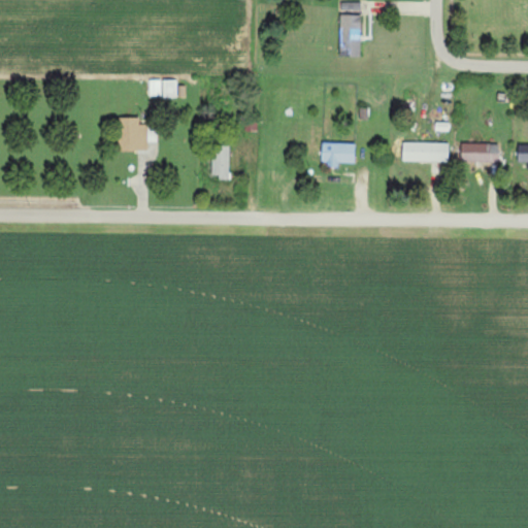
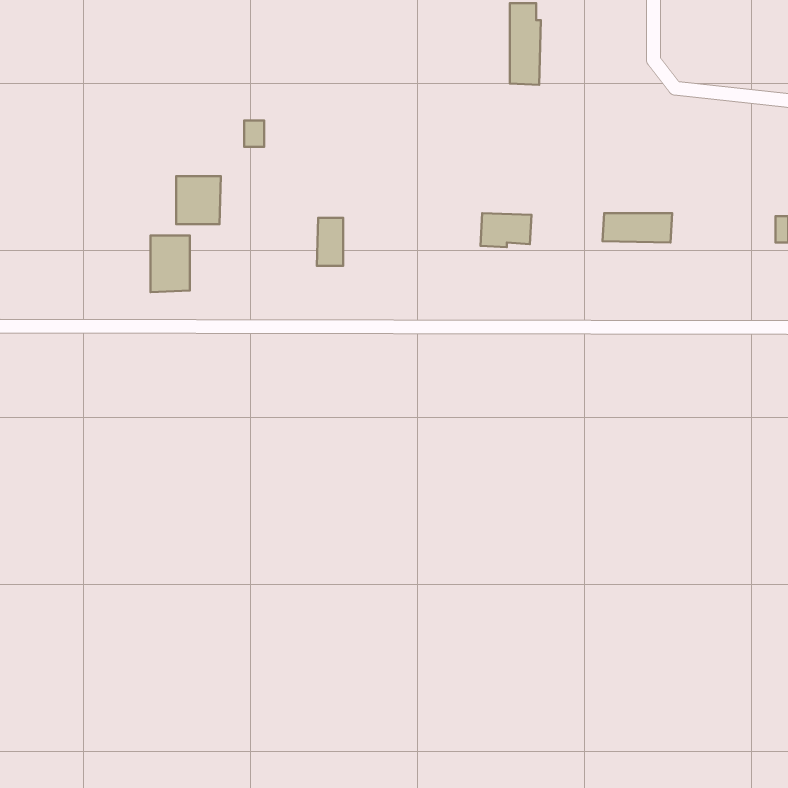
building: [461,144,498,164] -> none
building: none -> [151,235,190,292]

